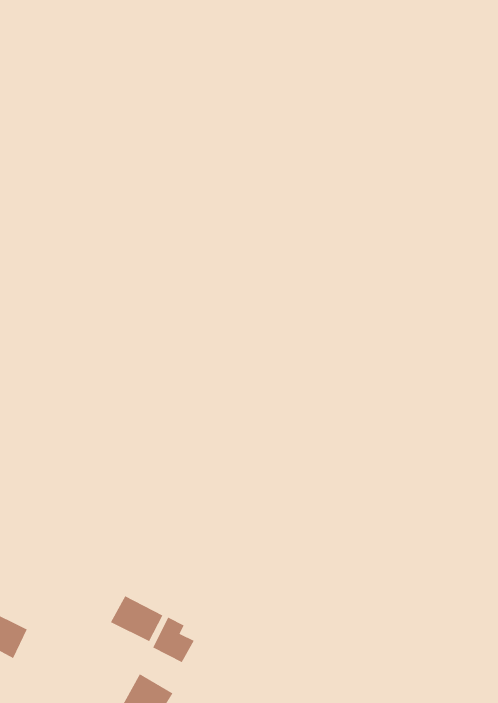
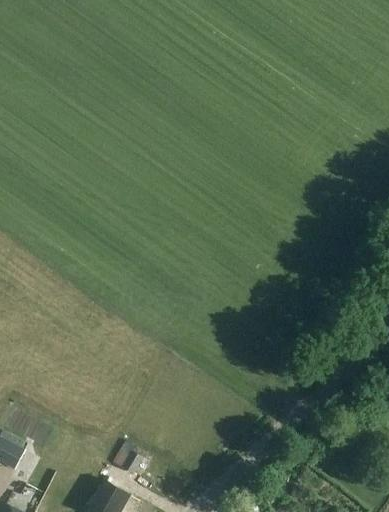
building: [110,595,163,642] -> none

